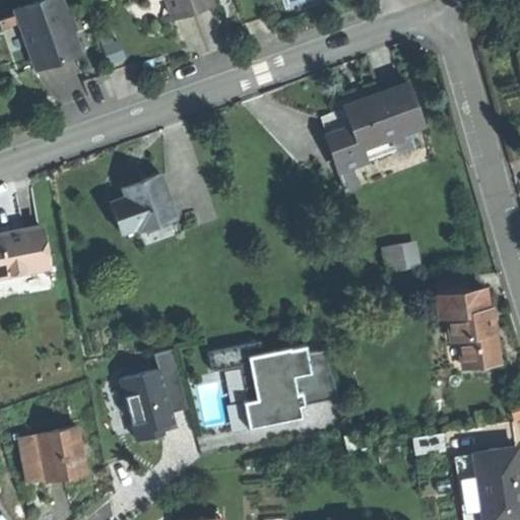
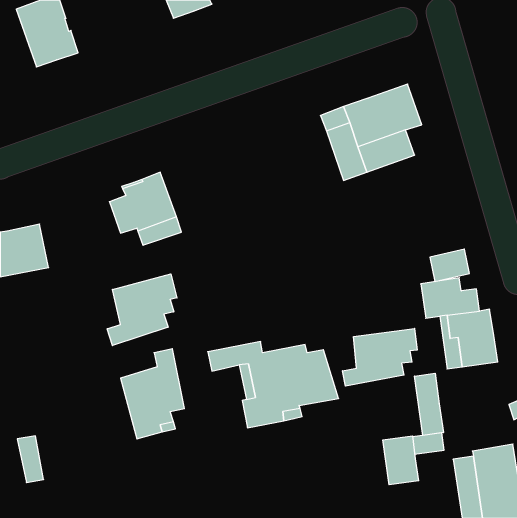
building: [383,237,422,269] -> [430,249,469,282]
building: none -> [107,274,177,346]
building: none -> [343,328,417,386]
building: none -> [415,373,443,435]
building: [37,430,84,483] -> none
building: none -> [383,436,419,485]

